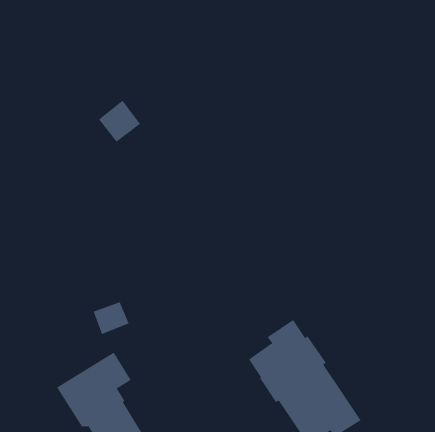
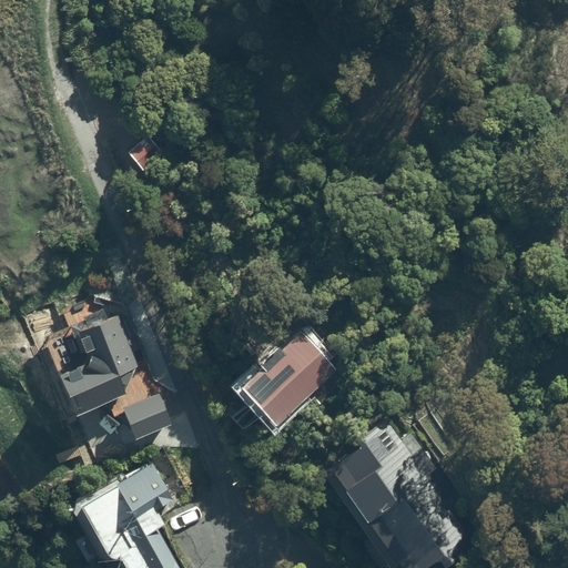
building: none -> [49,315,134,426]
building: none -> [240,334,331,424]

